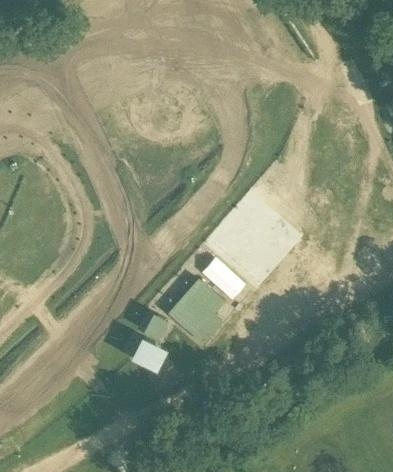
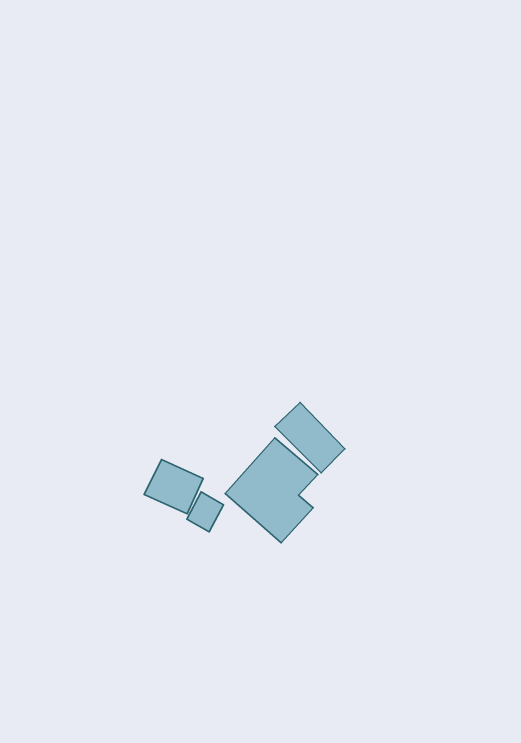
building: [131,338,168,372] -> [144,460,203,514]

